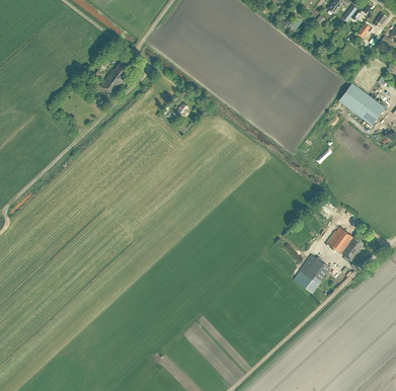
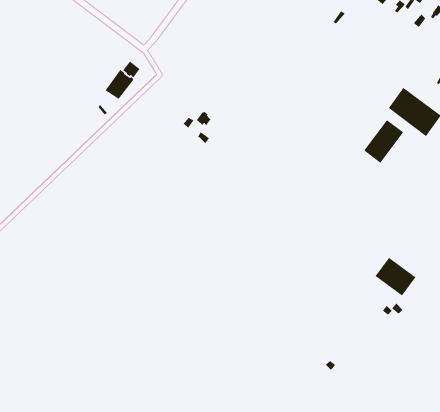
building: none -> [363,119,404,164]
building: [295,253,332,292] -> none

